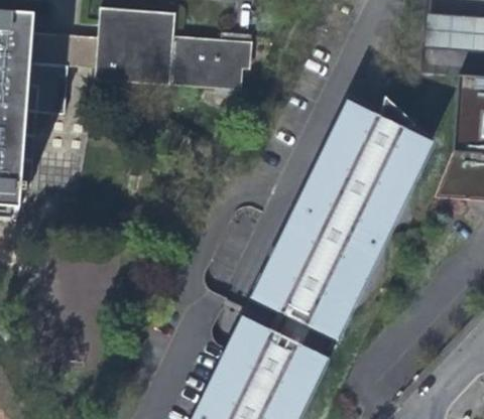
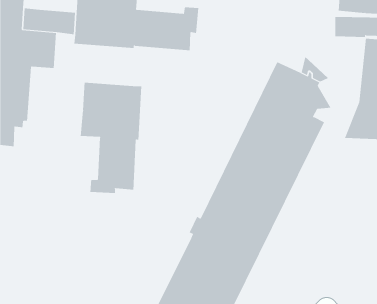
building: none -> [80,82,142,194]

